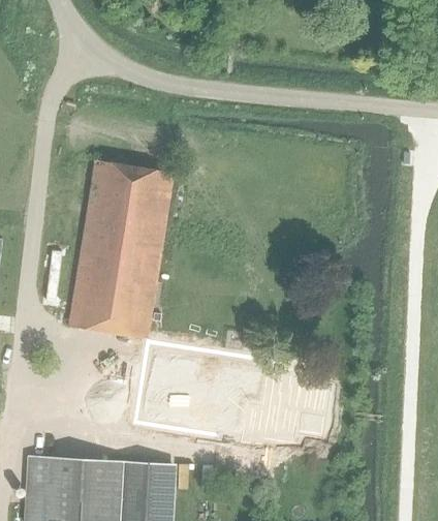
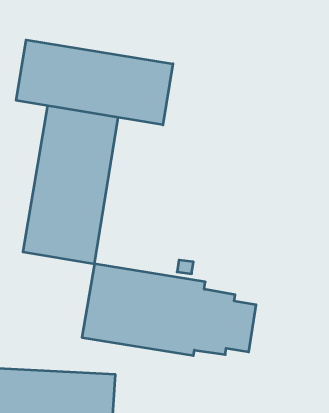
building: none -> [16,40,173,125]

